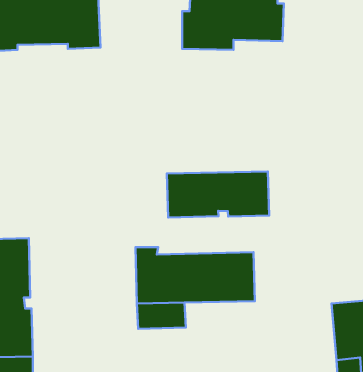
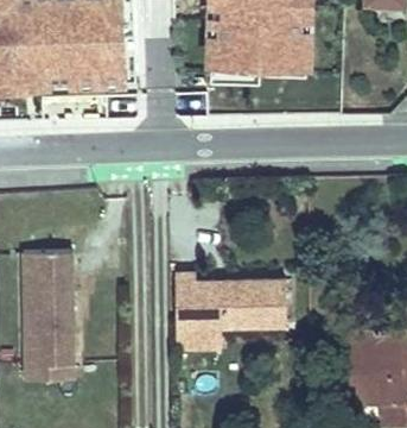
building: [167,171,269,218] -> none

